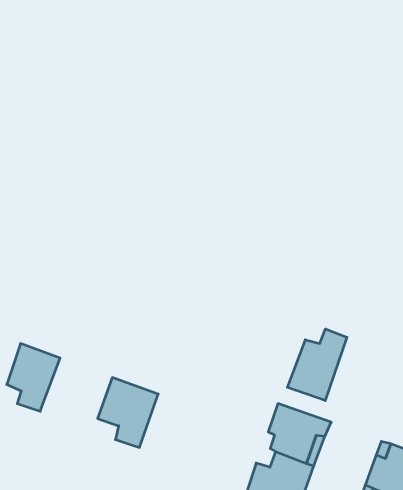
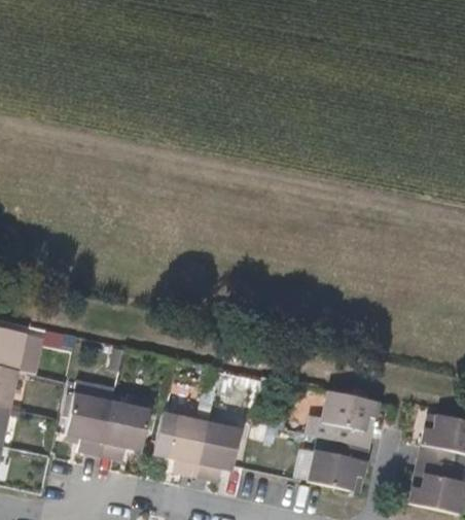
building: [287,329,347,401] -> none
building: none -> [105,387,153,445]
building: none -> [203,408,244,465]

